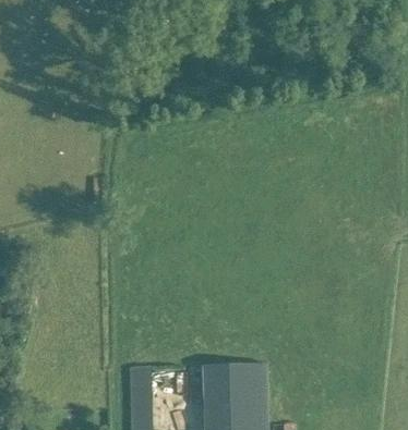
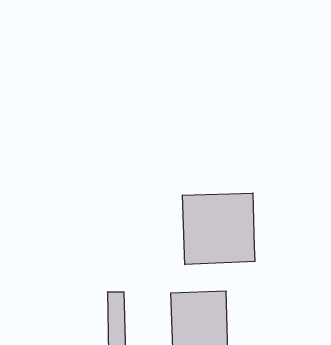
building: none -> [183,193,255,265]

